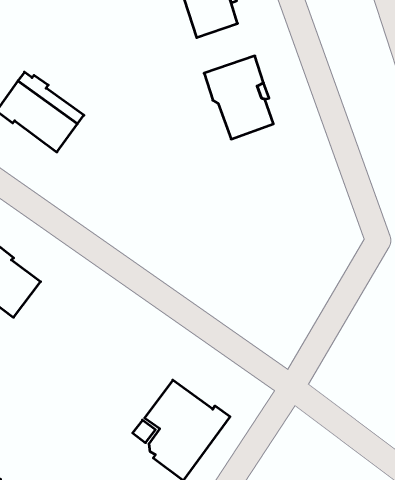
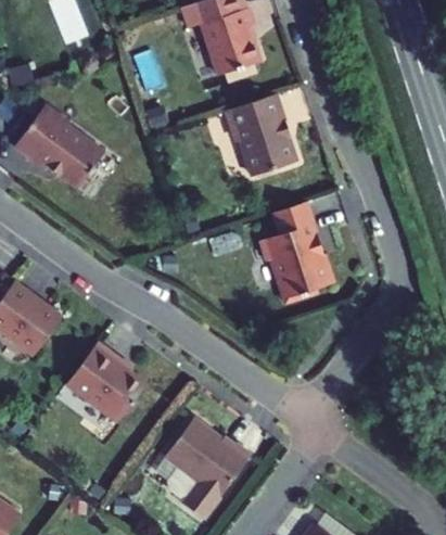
building: none -> [262,200,334,302]
building: none -> [66,342,146,422]

